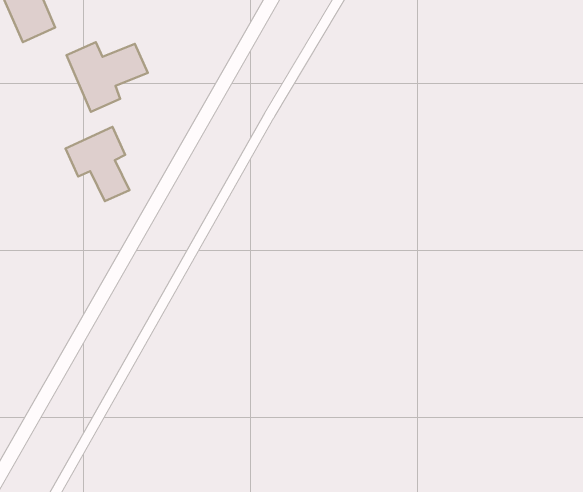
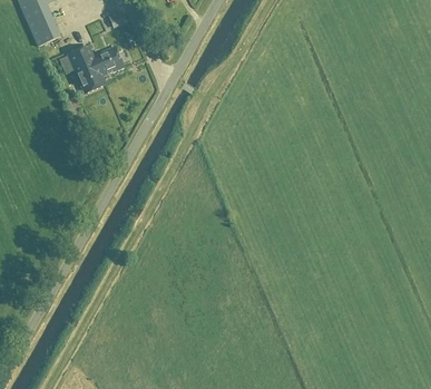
building: [66,127,129,201] -> none

